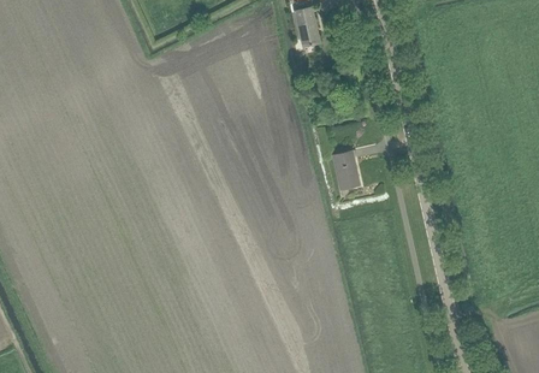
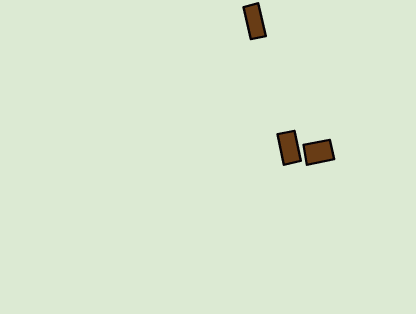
building: none -> [304,140,334,165]

